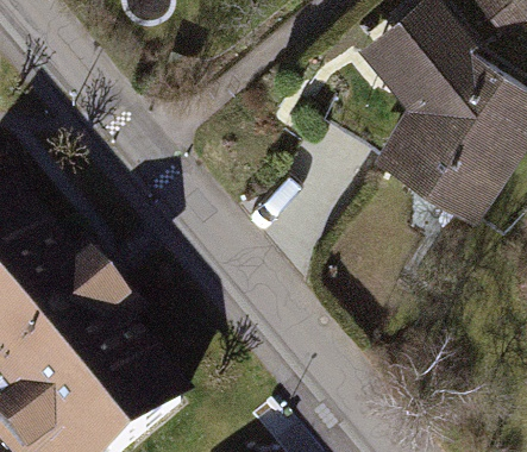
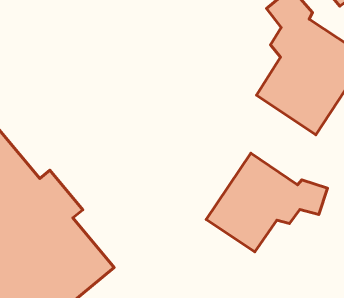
building: none -> [206,153,327,252]

